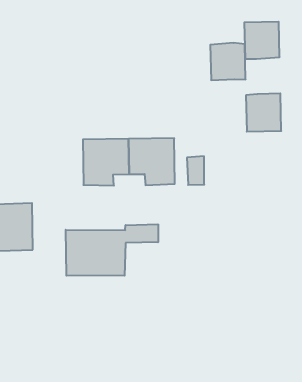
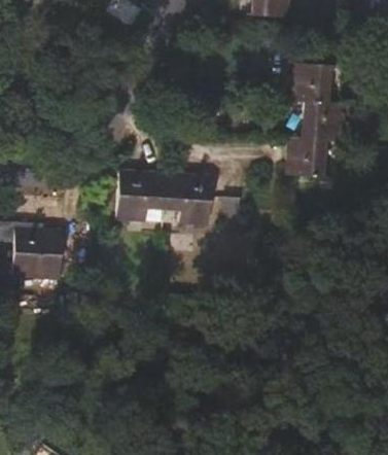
building: [210,43,246,80] -> [302,102,339,140]
building: [66,224,158,276] -> none

